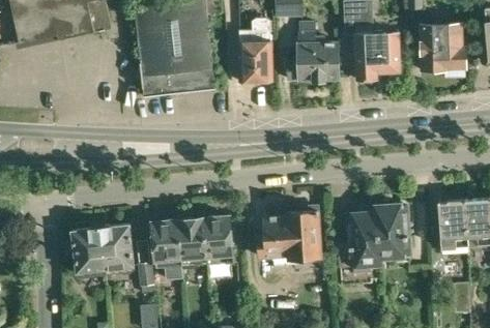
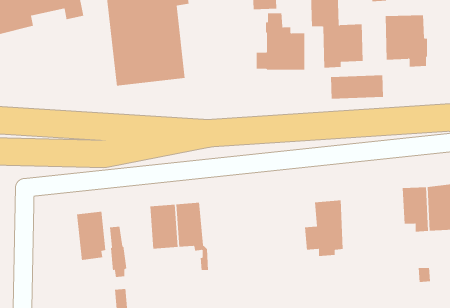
building: [238,18,272,82] -> none
building: none -> [331,75,383,99]
building: [376,204,409,264] -> none
building: [258,210,320,258] -> none
building: [152,219,181,266] -> none
building: [73,228,108,278] -> none

